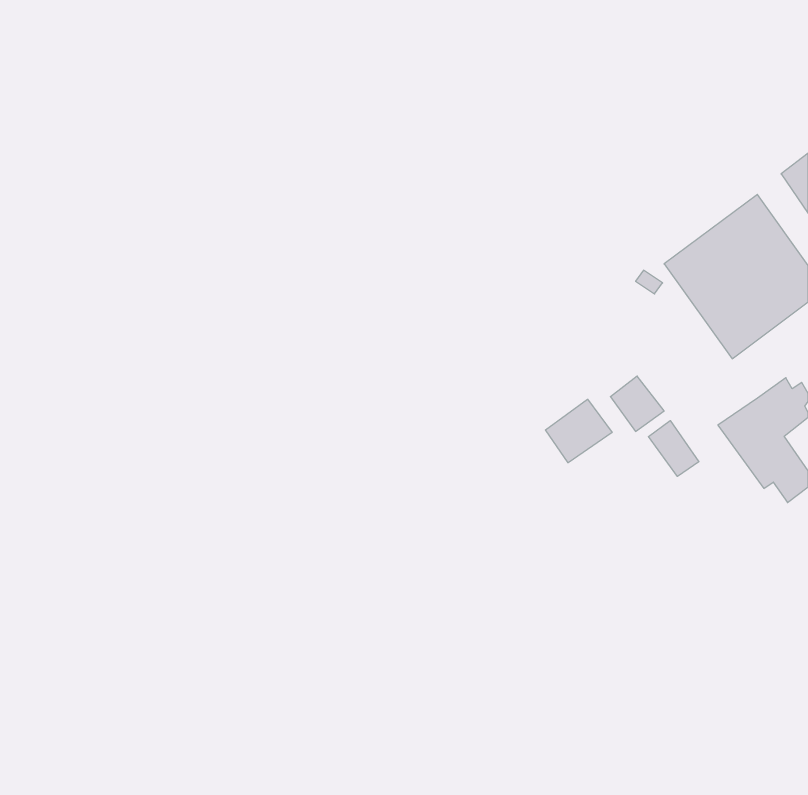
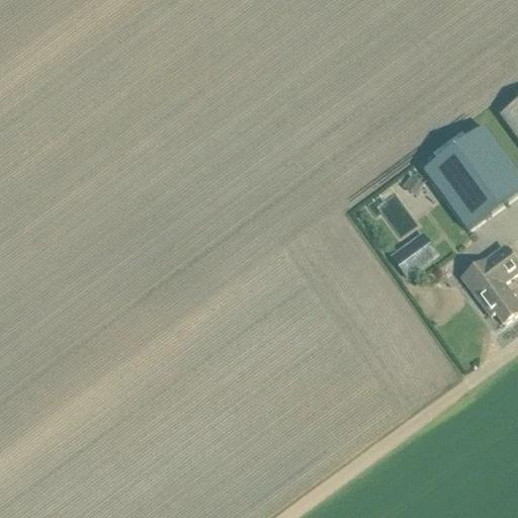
building: [545,399,612,463] -> none
building: [648,421,699,476] -> none

